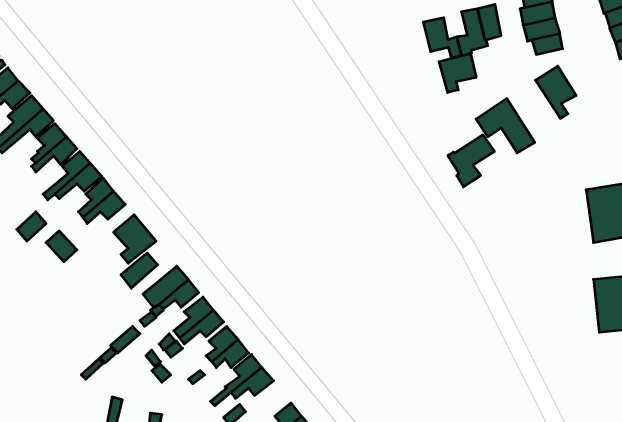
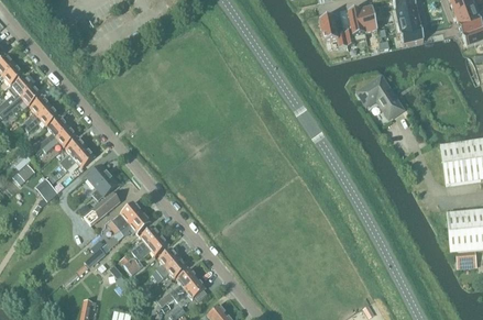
building: [439,54,476,93] -> none
building: [535,66,576,118] -> none
building: [448,135,494,187] -> none

